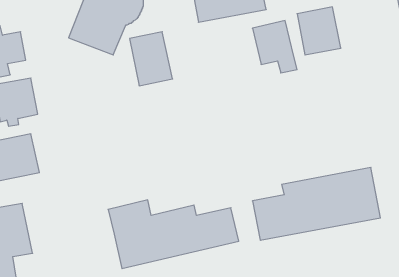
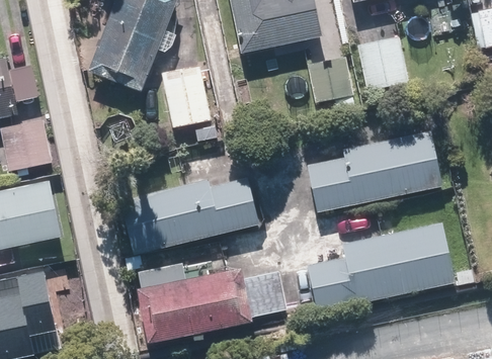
building: none -> [304,130,446,213]
building: none -> [121,174,259,254]

